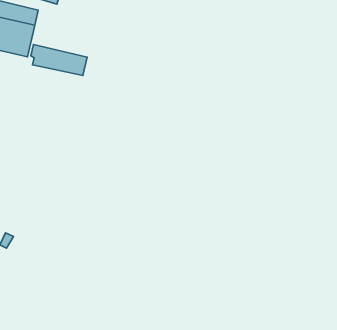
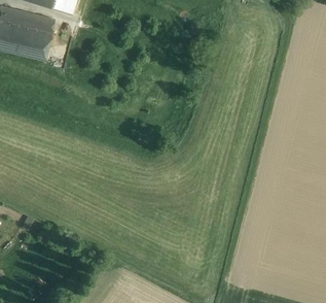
building: [31,45,87,75] -> none

